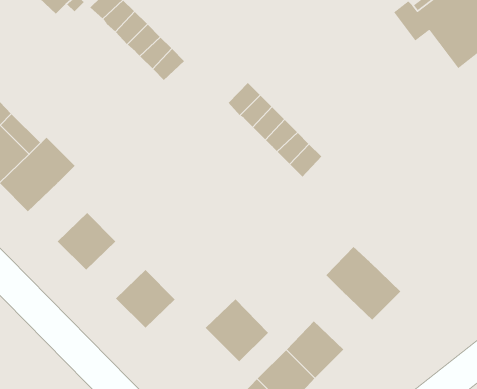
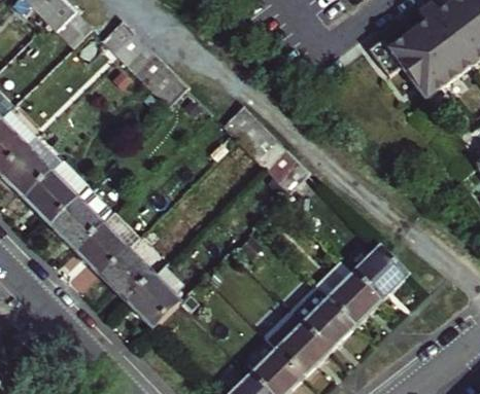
building: none -> [49,198,102,249]
building: none -> [353,241,406,293]
building: none -> [101,249,153,299]
building: none -> [303,293,354,345]
building: [205,298,269,362] -> none

